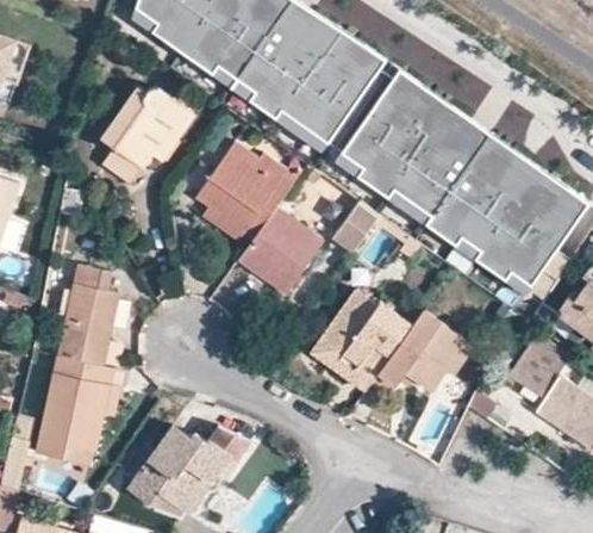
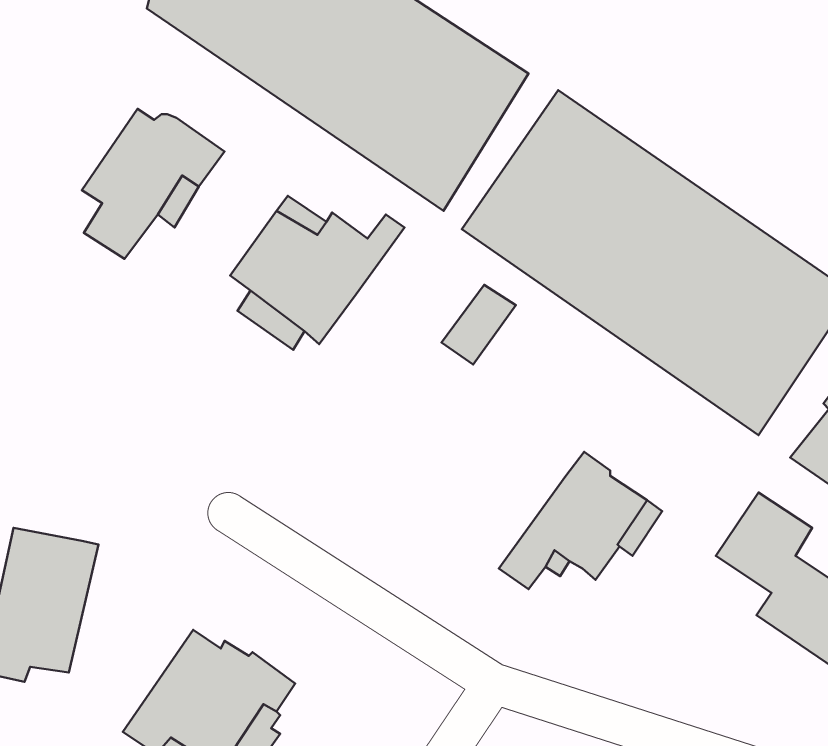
building: [237,206,323,295] -> none
building: [56,266,116,365] -> none
building: [310,290,411,390] -> none

